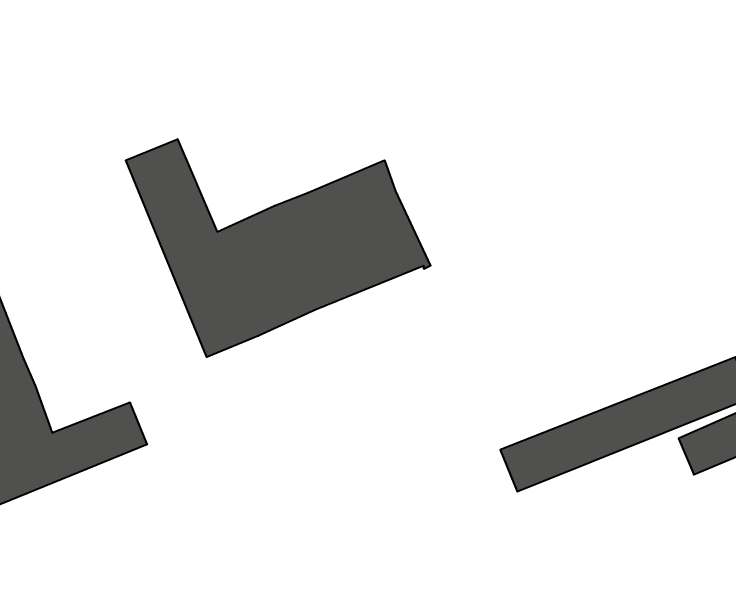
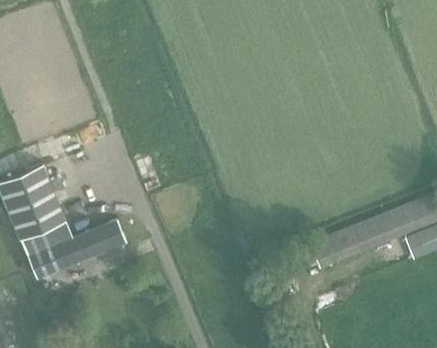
building: [126,139,431,357] -> none

